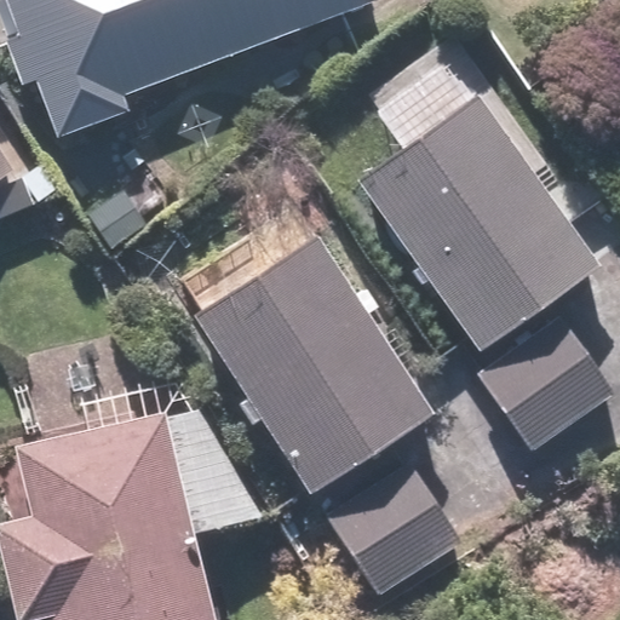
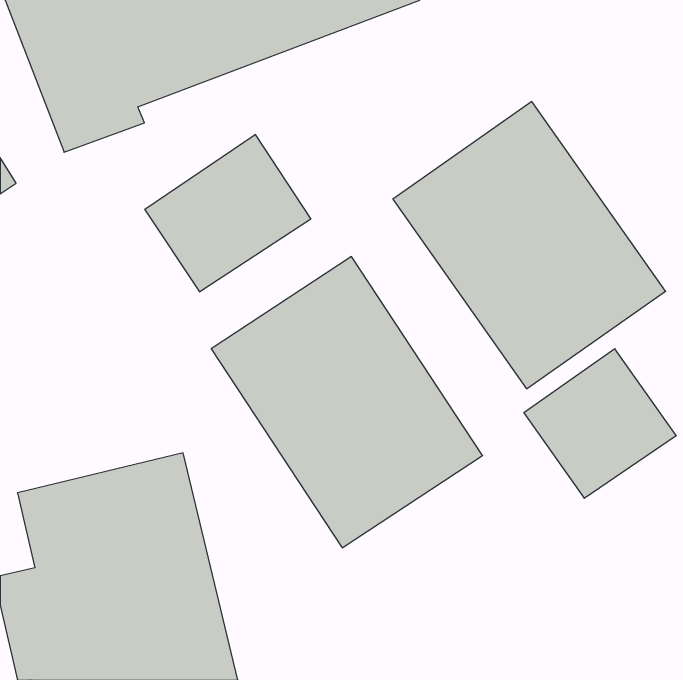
building: none -> [145,134,311,292]
building: [323,458,460,593] -> none

